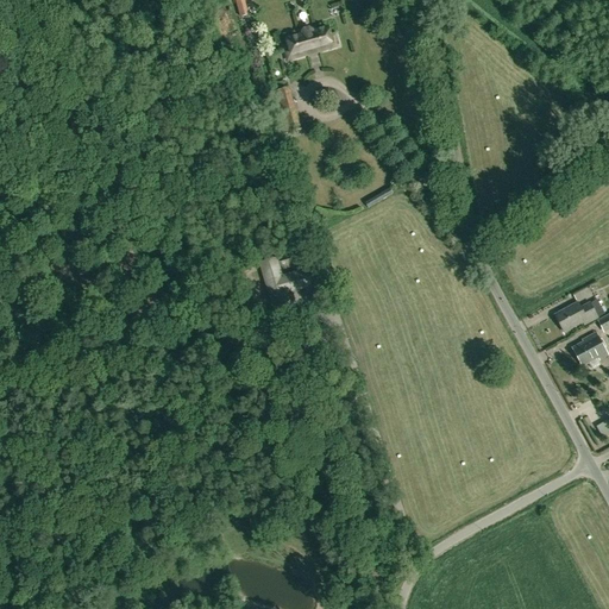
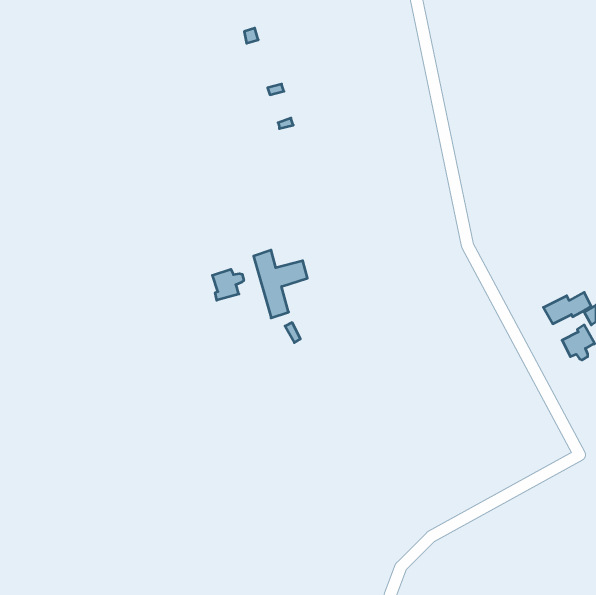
building: [285,25,337,52] -> none
building: none -> [212,269,244,300]

